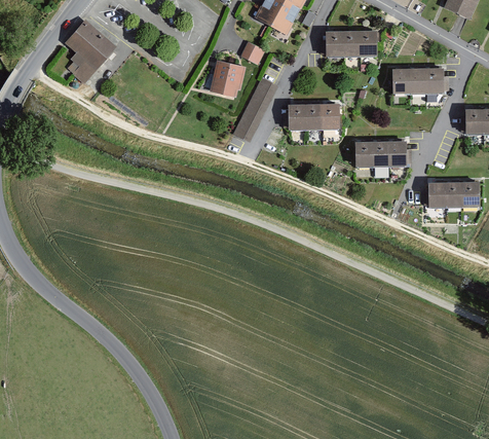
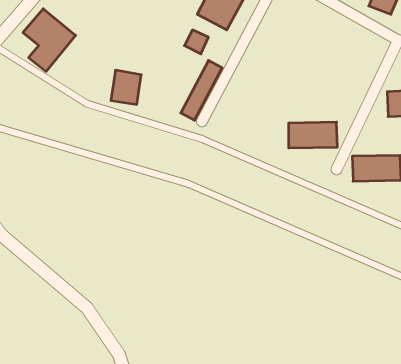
building: [325,31,379,61] -> none
building: [211,60,244,98] -> [111,70,141,104]
building: [390,65,445,94] -> none
building: [287,106,341,136] -> none

